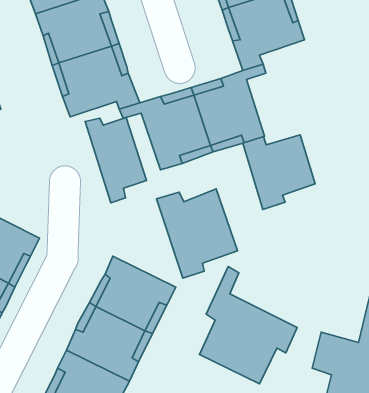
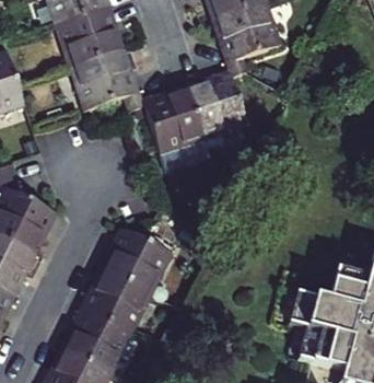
building: [85,117,147,203] -> none
building: [243,135,315,210] -> none
building: [157,189,238,278] -> none
building: [199,267,297,384] -> none

